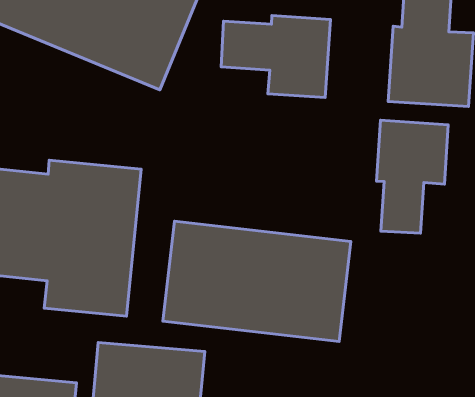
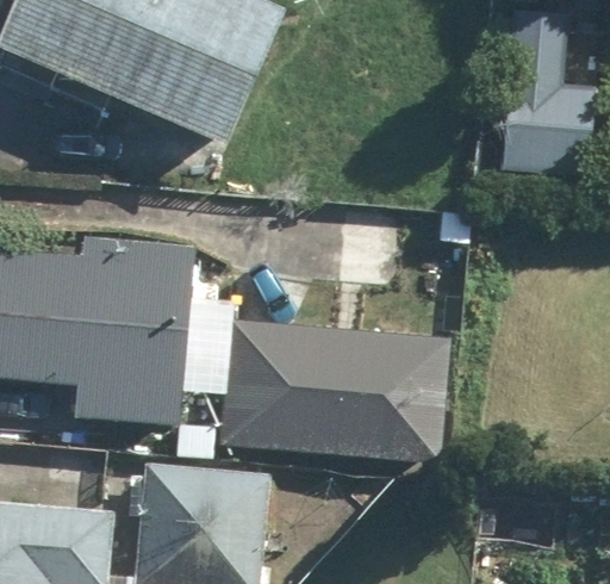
building: [221,16,330,98] -> none
building: [377,120,448,233] -> none

